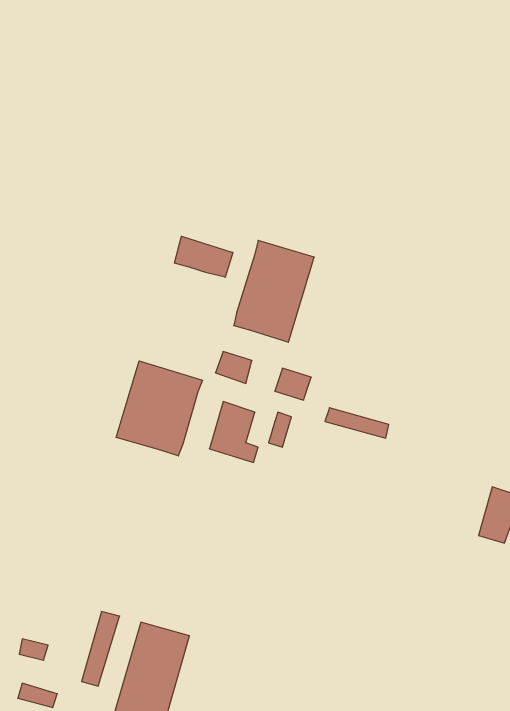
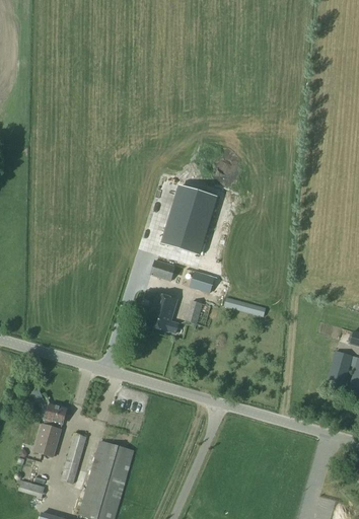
building: [174,236,233,277] -> none
building: [116,361,203,456] -> none
building: none -> [33,402,67,456]

